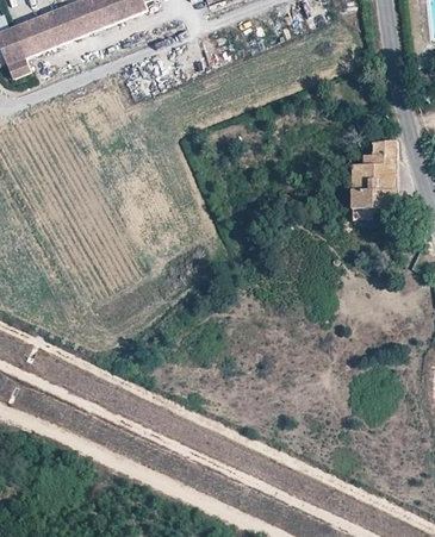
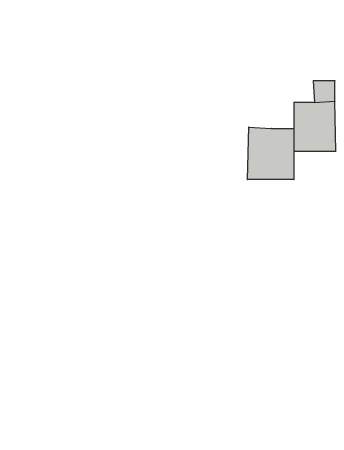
building: none -> [247,127,294,180]

